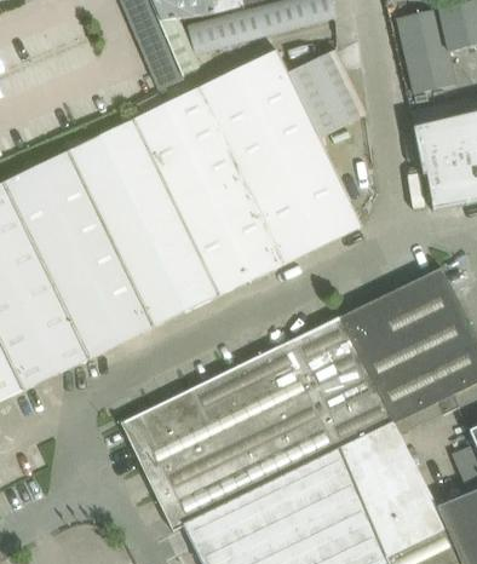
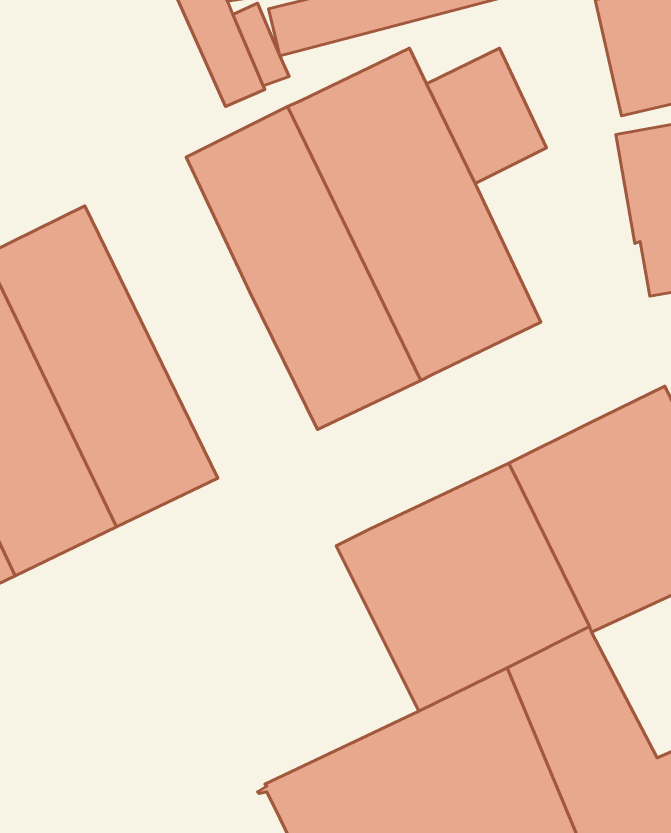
building: [68,120,218,327] -> none
building: [120,370,283,531] -> none

